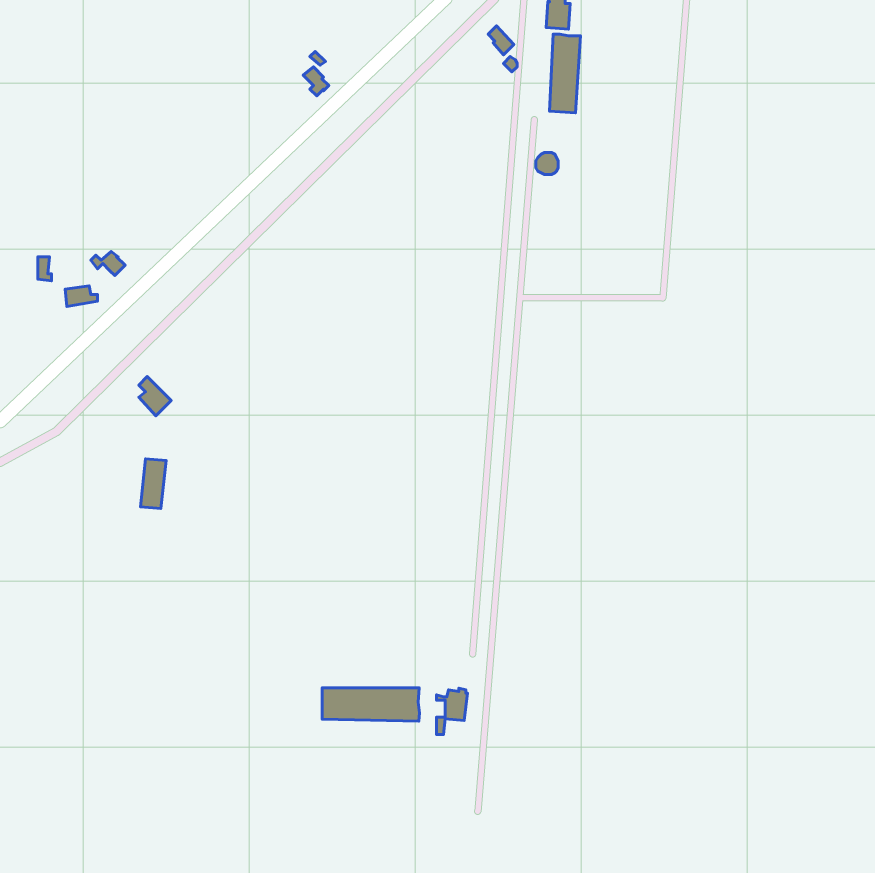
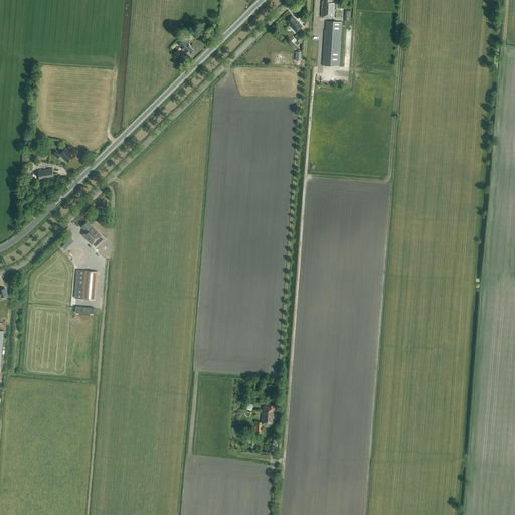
building: [322,688,420,721] -> none

